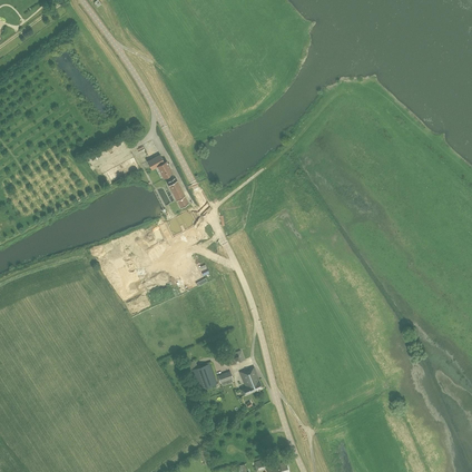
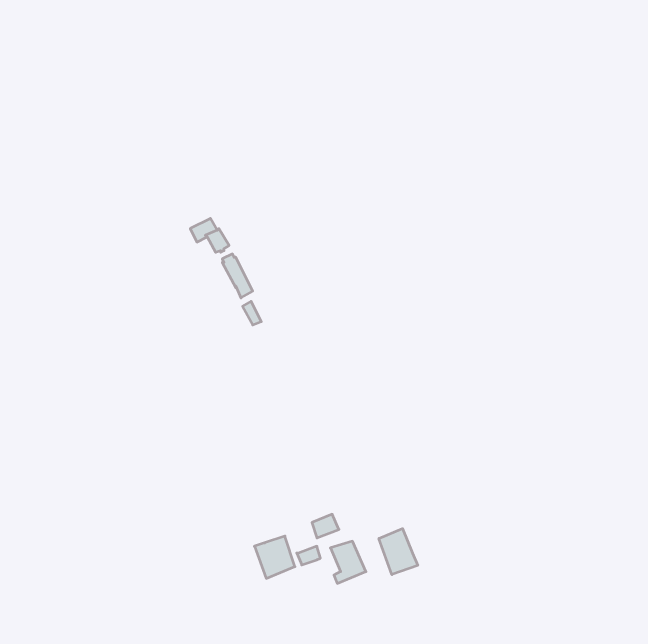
building: none -> [379,529,418,575]

